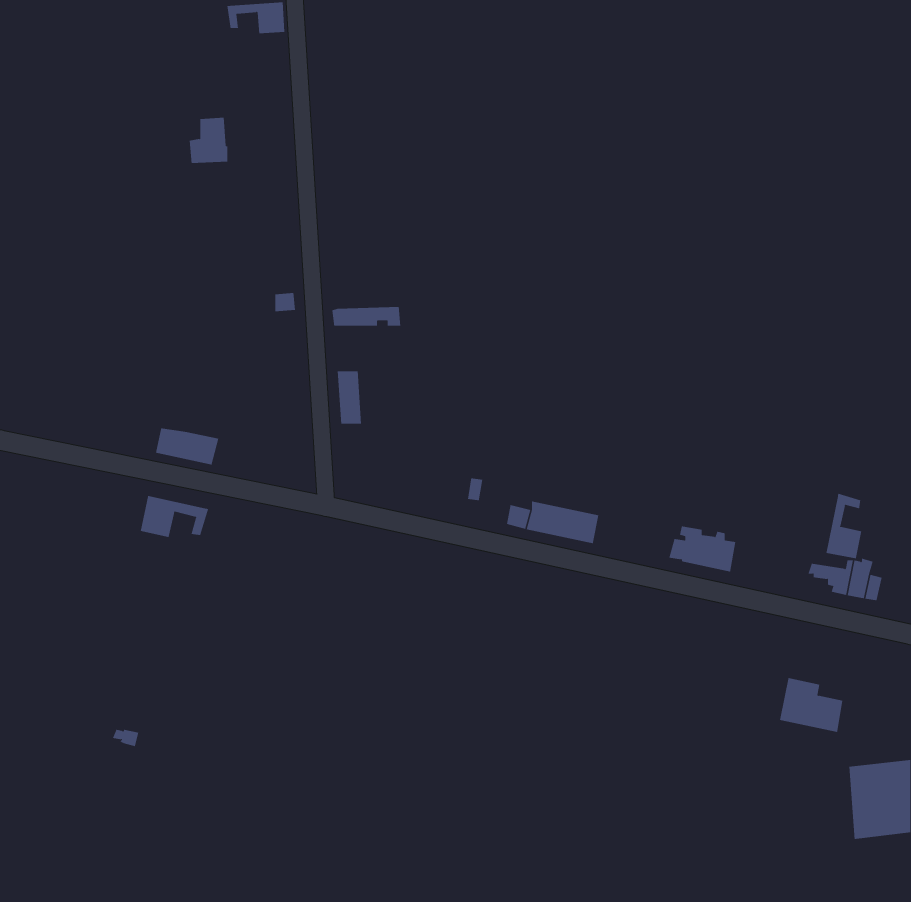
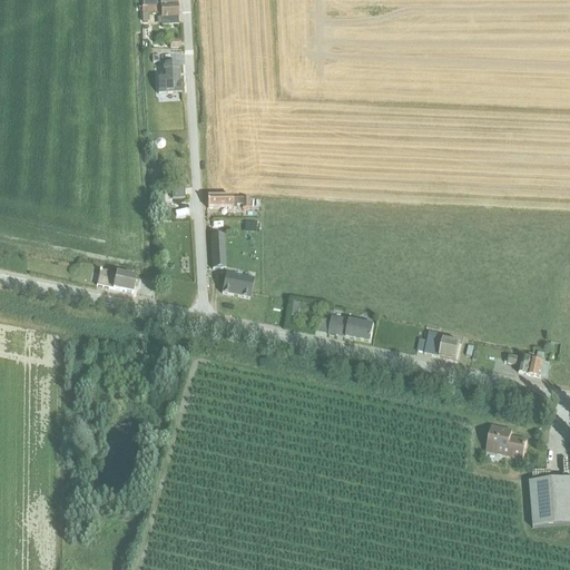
building: [189,117,228,164] -> [157,60,181,89]
building: none -> [222,269,254,295]
building: [826,493,862,559] -> none
building: [140,495,209,538] -> none

